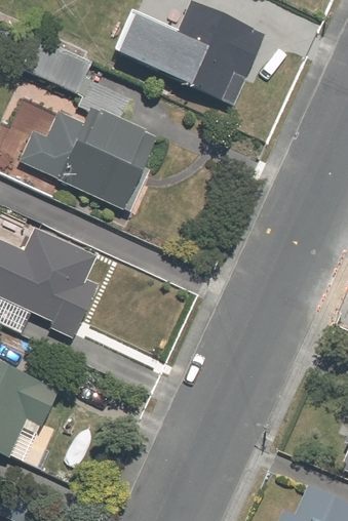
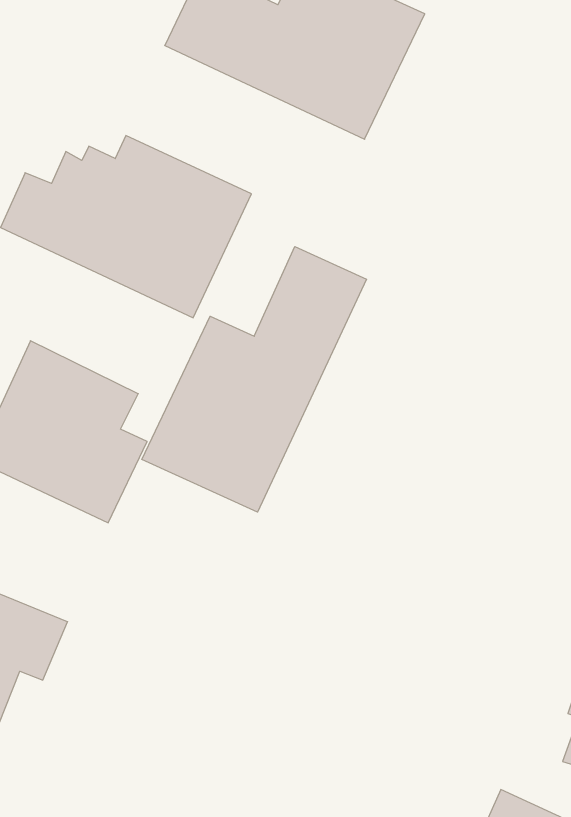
building: none -> [142,247,367,512]

